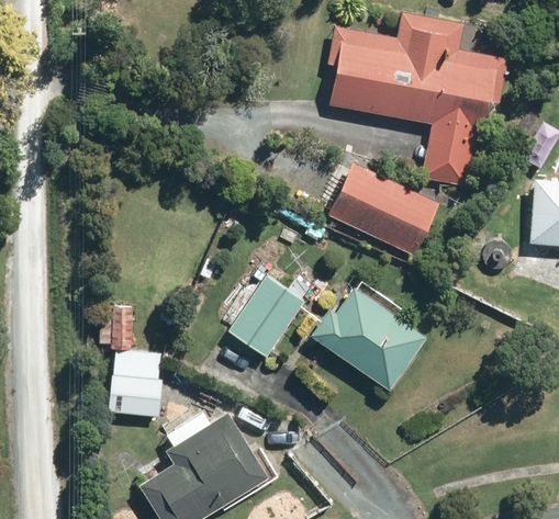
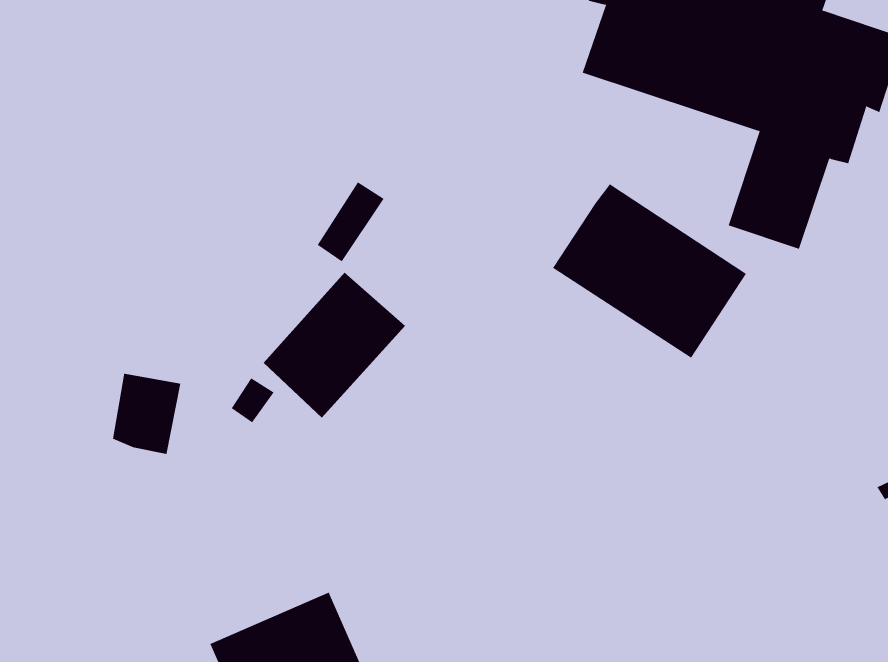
building: [227,273,304,357] -> [263,272,406,419]
building: [311,283,425,391] -> none
building: [110,350,161,417] -> none

